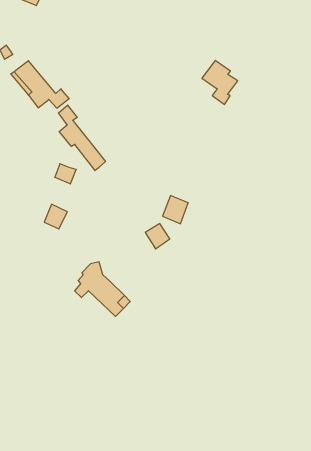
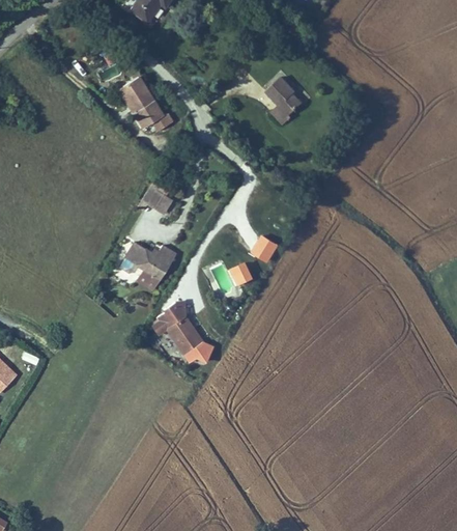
building: [202,60,238,105] -> [266,79,304,127]
building: [58,105,105,171] -> none
building: none -> [139,235,178,281]

